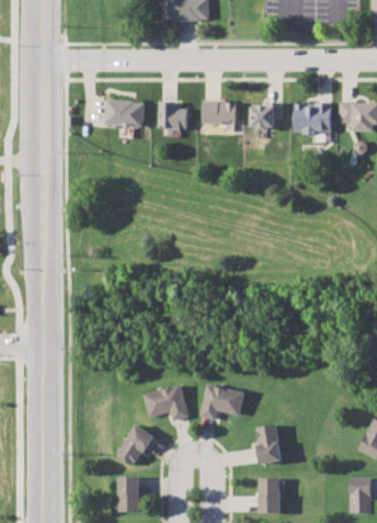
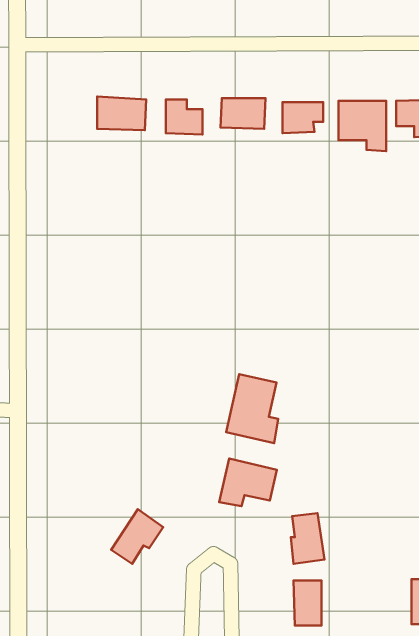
building: none -> [226,374,278,443]
building: [145,384,191,422] -> none
building: [118,477,139,511] -> none

